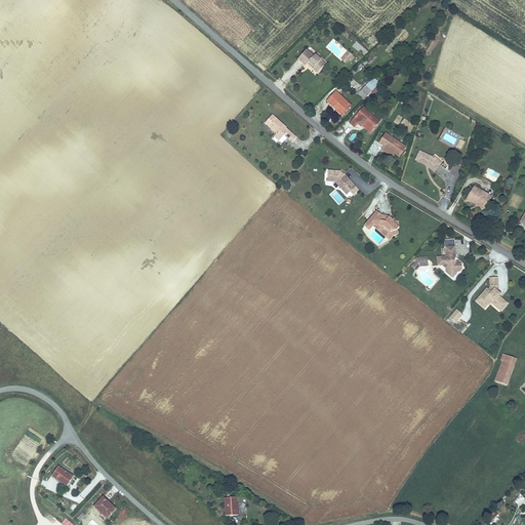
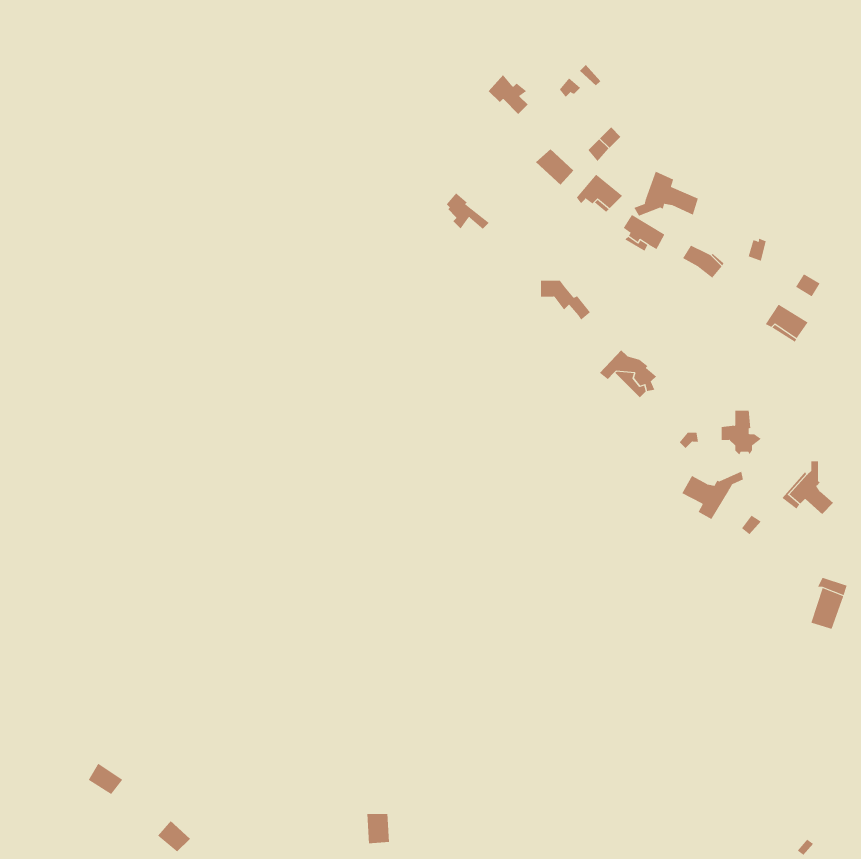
building: none -> [633,171,698,216]
building: none -> [682,471,743,520]

